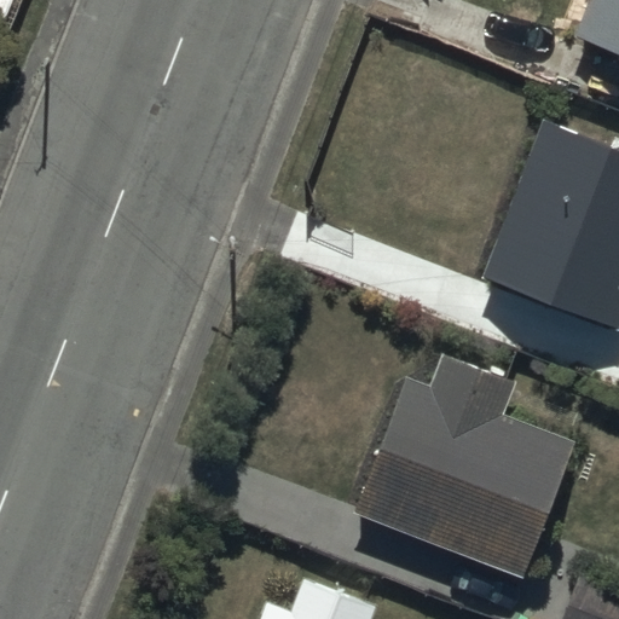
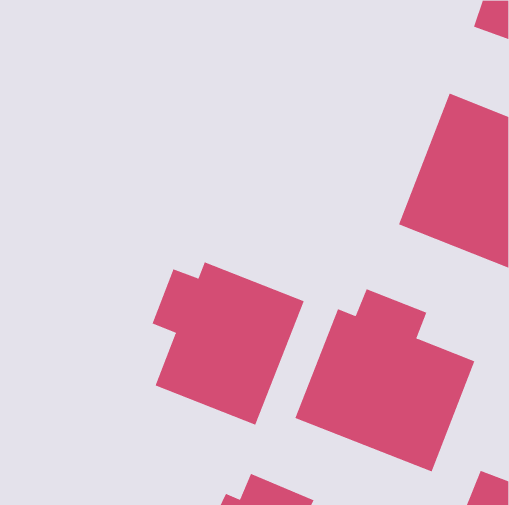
building: none -> [152,262,304,426]

